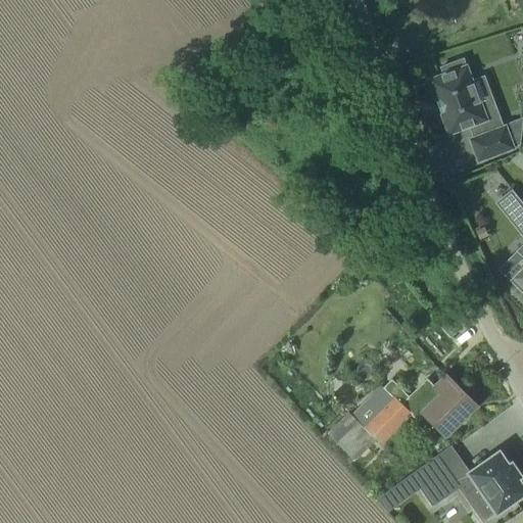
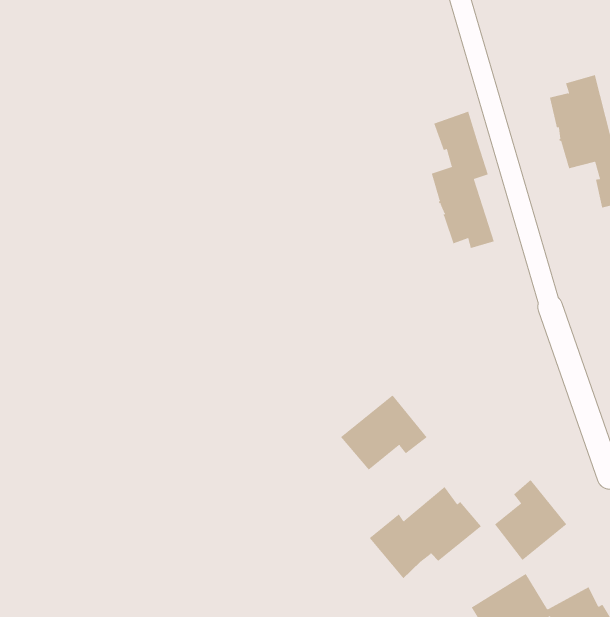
building: none -> [431,111,495,249]
building: none -> [340,394,428,470]

